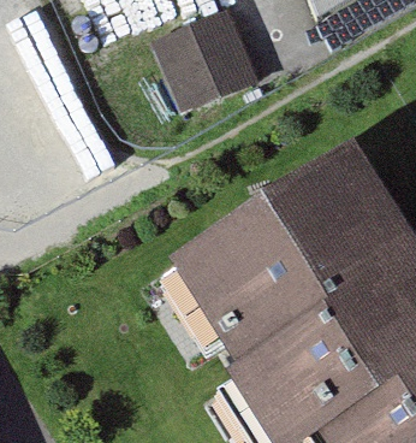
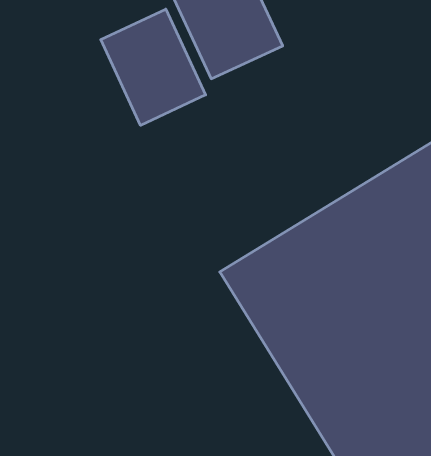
building: none -> [101,9,206,125]

